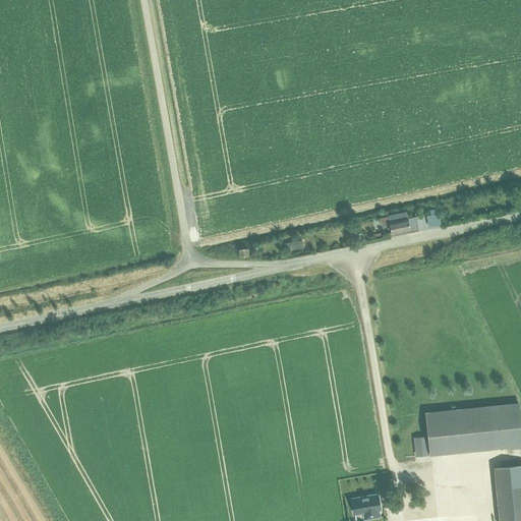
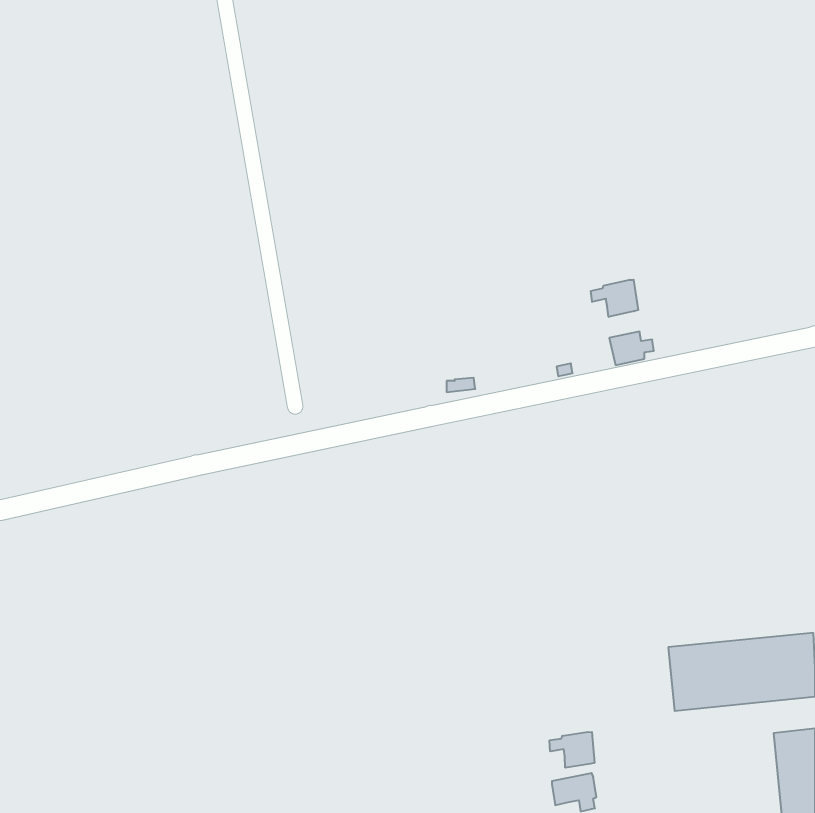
building: none -> [591,280,638,317]
building: none -> [550,732,594,768]

